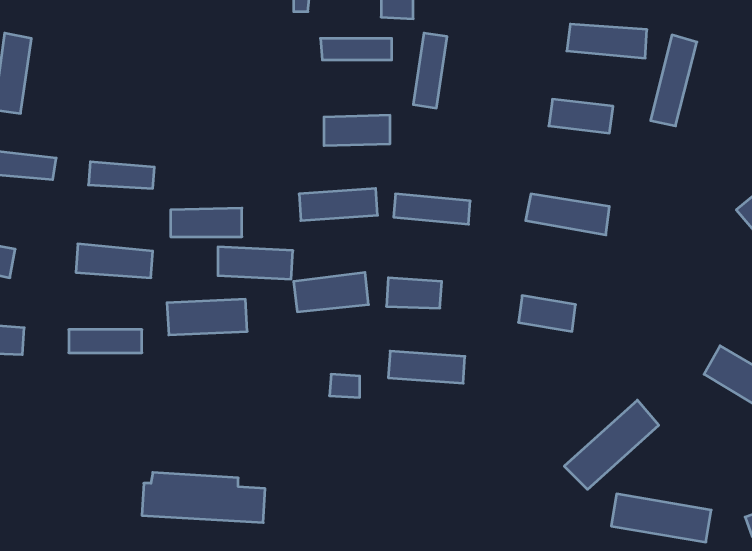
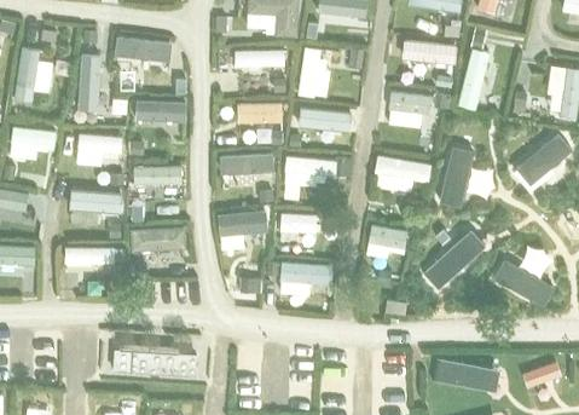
building: none -> [114,36,172,62]
building: none -> [77,54,100,111]
building: none -> [299,108,352,132]
building: none -> [439,146,474,207]
building: [218,247,293,279] -> [135,100,186,122]
building: [564,400,659,489] -> [422,230,486,290]

